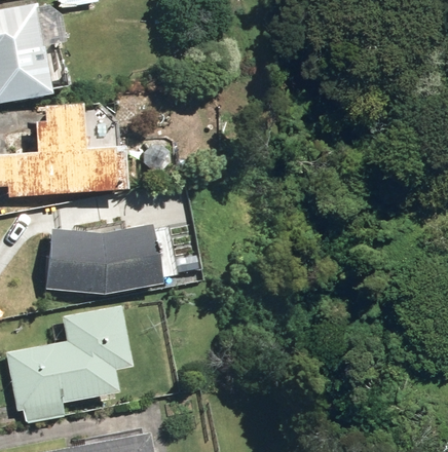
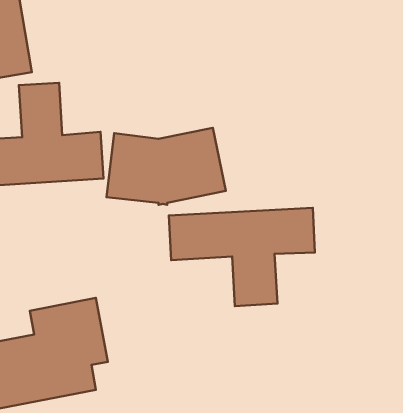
building: none -> [169,208,315,306]
building: [48,224,161,297] -> [106,128,226,205]

